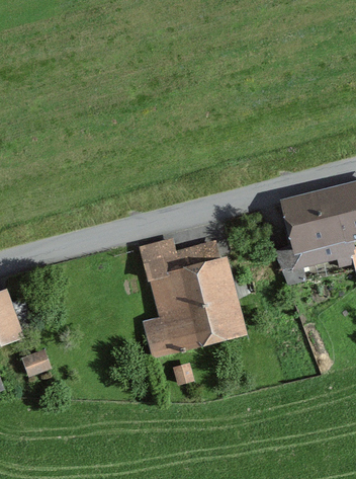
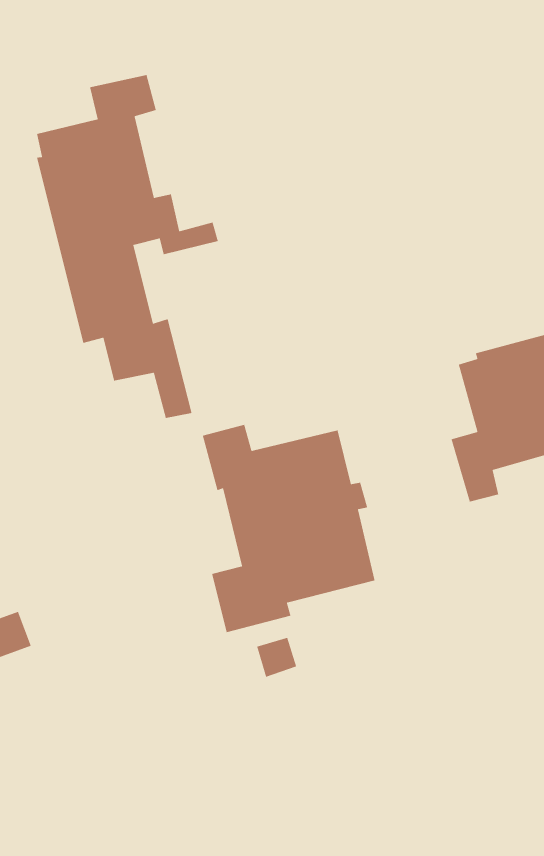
building: none -> [36,74,219,419]

